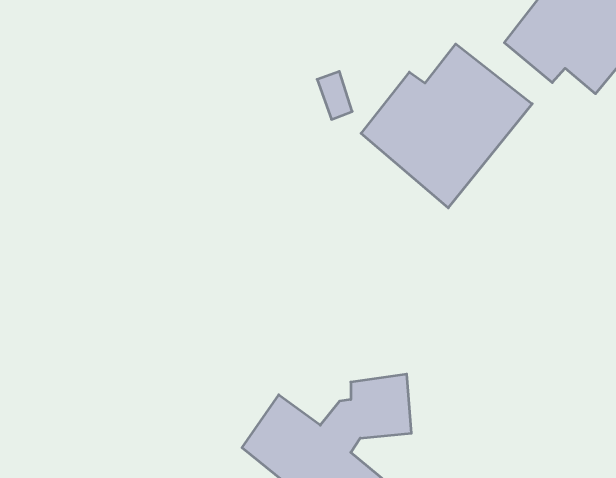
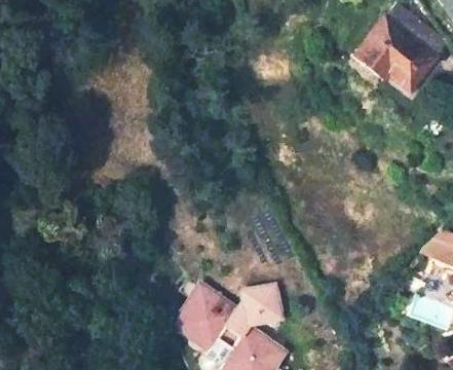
building: [361,44,532,208] -> none

